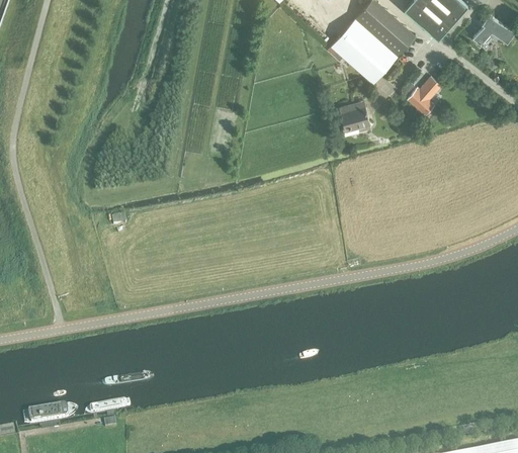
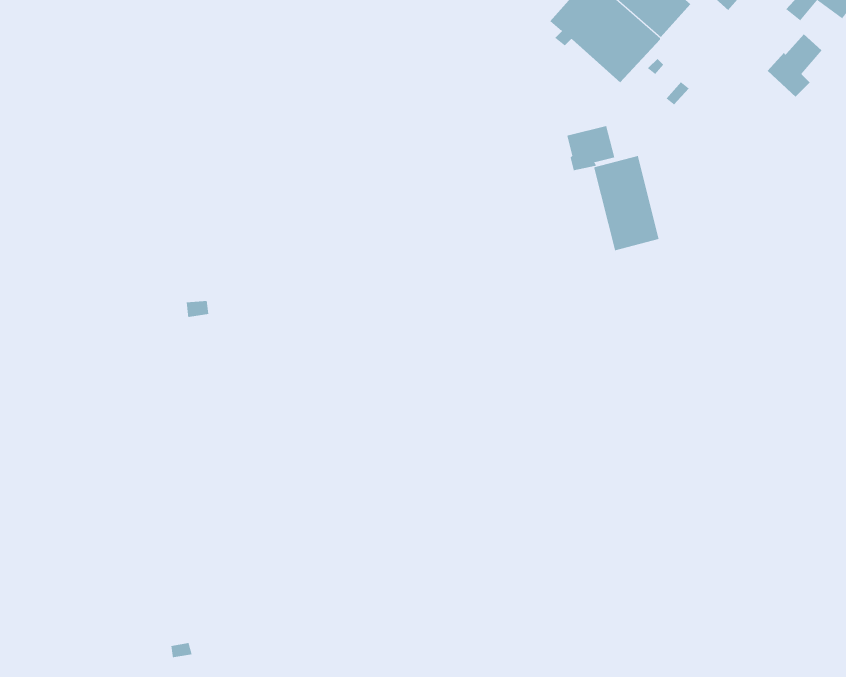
building: [408,78,441,116] -> [767,34,822,98]
building: none -> [594,155,659,251]

